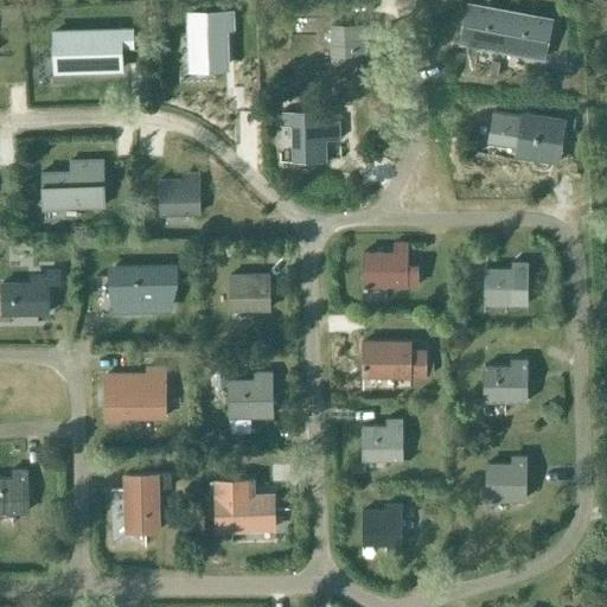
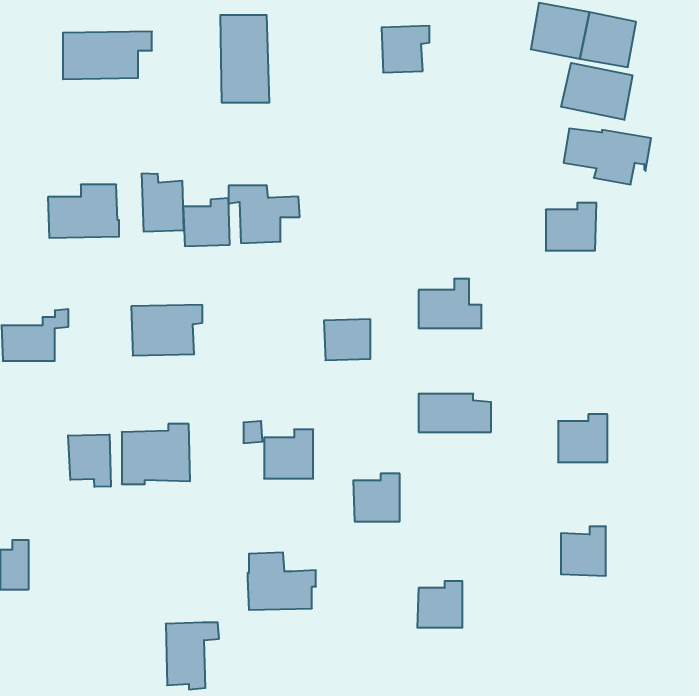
building: none -> [561,63,632,120]
building: [281,113,343,162] -> [229,186,300,243]
building: none -> [142,173,183,232]
building: [484,264,528,306] -> [546,203,596,251]
building: [229,276,269,312] -> [324,319,370,360]
building: none -> [68,434,111,487]
building: [362,421,402,462] -> [353,474,400,521]
building: [124,475,171,533] -> [166,622,219,689]

